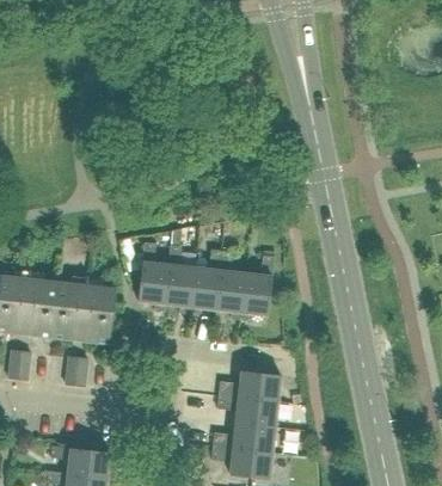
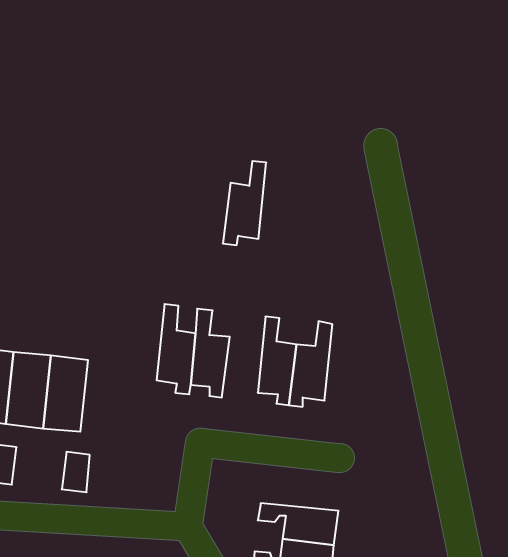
building: [189,250,222,314] -> [223,161,266,245]
building: [80,284,116,343] -> none
building: [219,370,281,400] -> none

